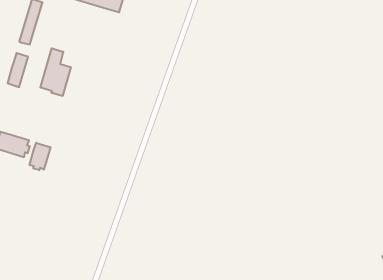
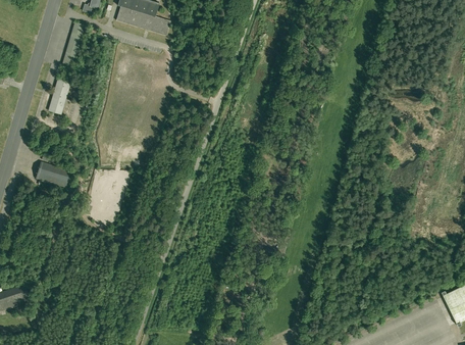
building: [40,48,71,96] -> none
building: [30,143,50,170] -> none

